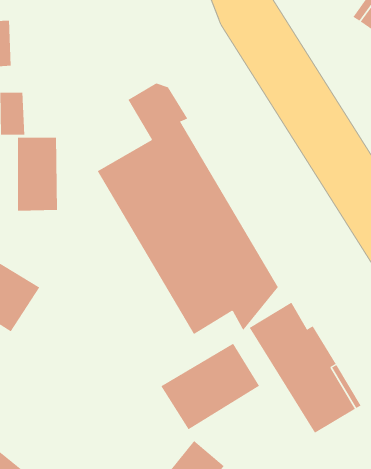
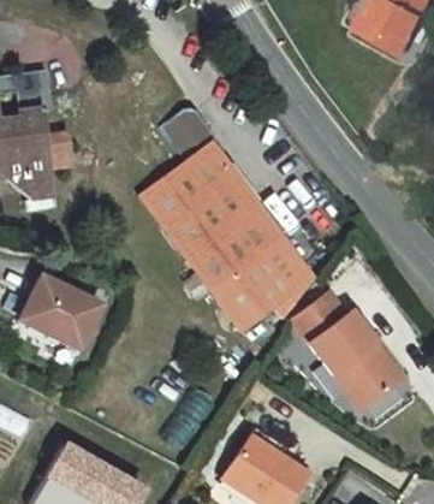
building: [17,137,58,212] -> none
building: [160,343,260,430] -> none

